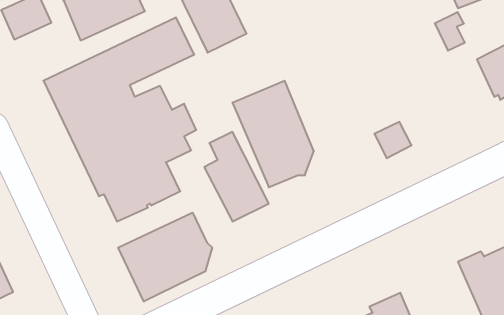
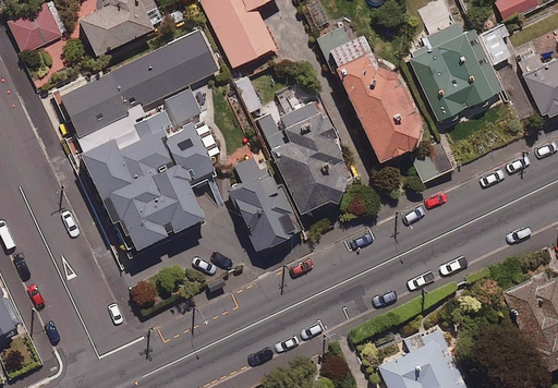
building: none -> [410,22,502,121]
building: none -> [328,36,418,162]
building: [118,213,212,302] -> none

